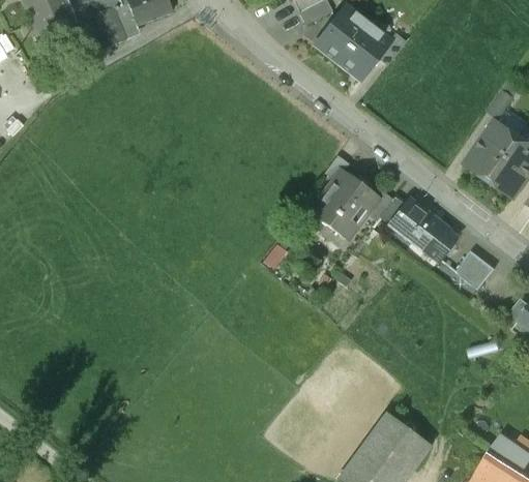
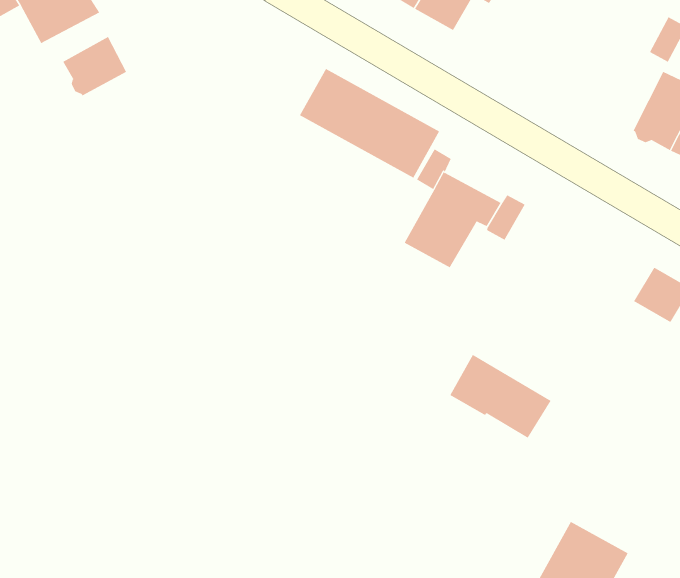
building: none -> [63,36,127,96]
building: none -> [299,68,440,179]
building: [391,201,458,261] -> [450,354,551,439]

